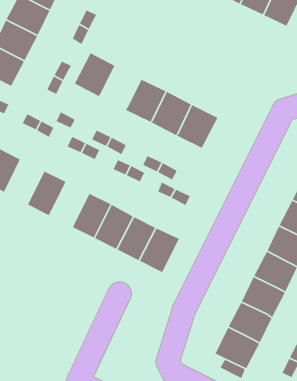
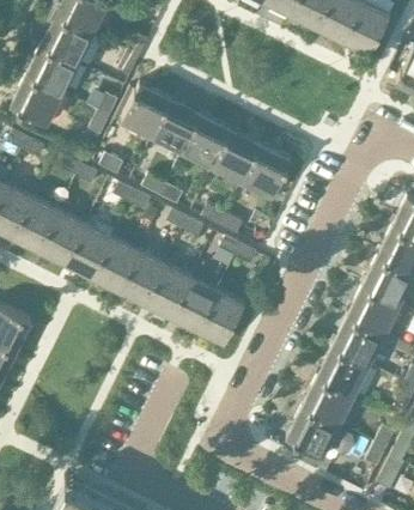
building: none -> [151,99,200,152]
building: none -> [39,210,86,263]
building: none -> [92,236,139,290]

